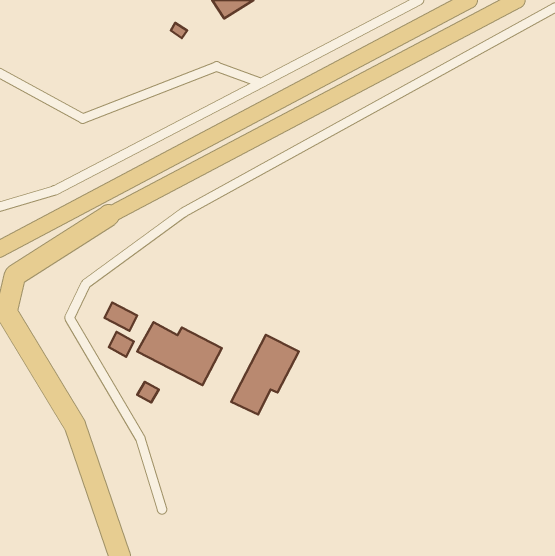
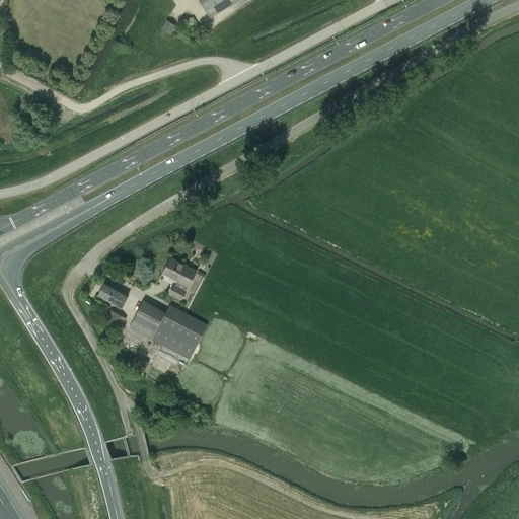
building: none -> [162,257,195,298]
building: [231,335,299,414] -> none

